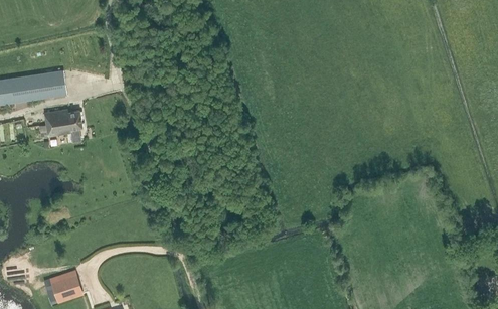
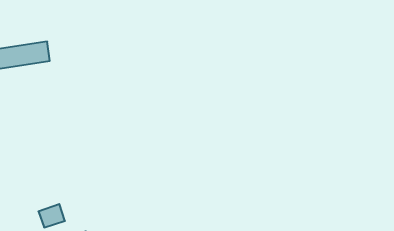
building: [38,110,80,143] -> none

